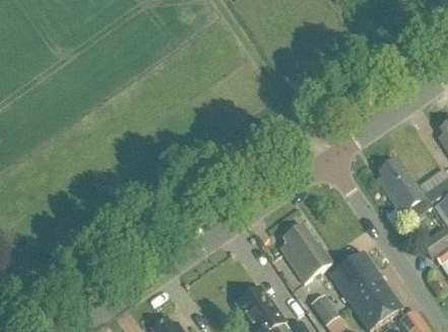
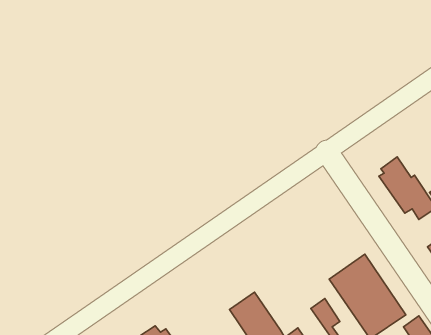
building: [280,224,332,282] -> none

